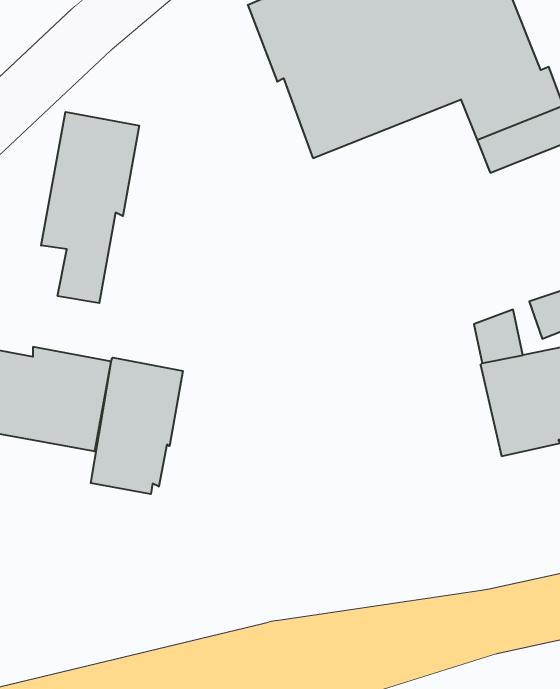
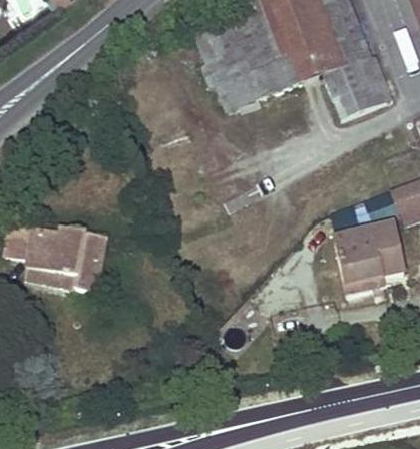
building: [41,112,139,303] -> none
building: [91,358,183,494] -> none

